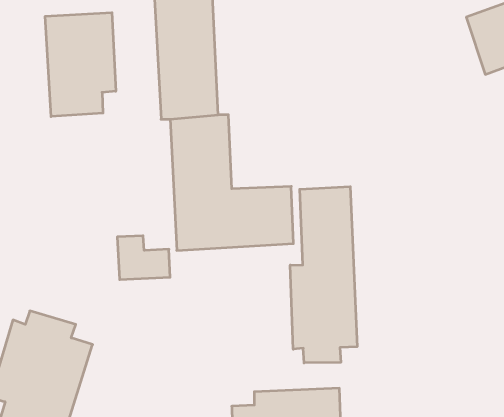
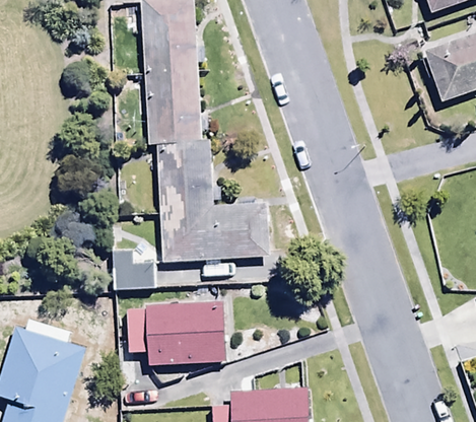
building: [45,13,116,117] -> none
building: [290,187,357,363] -> none
building: none -> [127,301,227,364]

